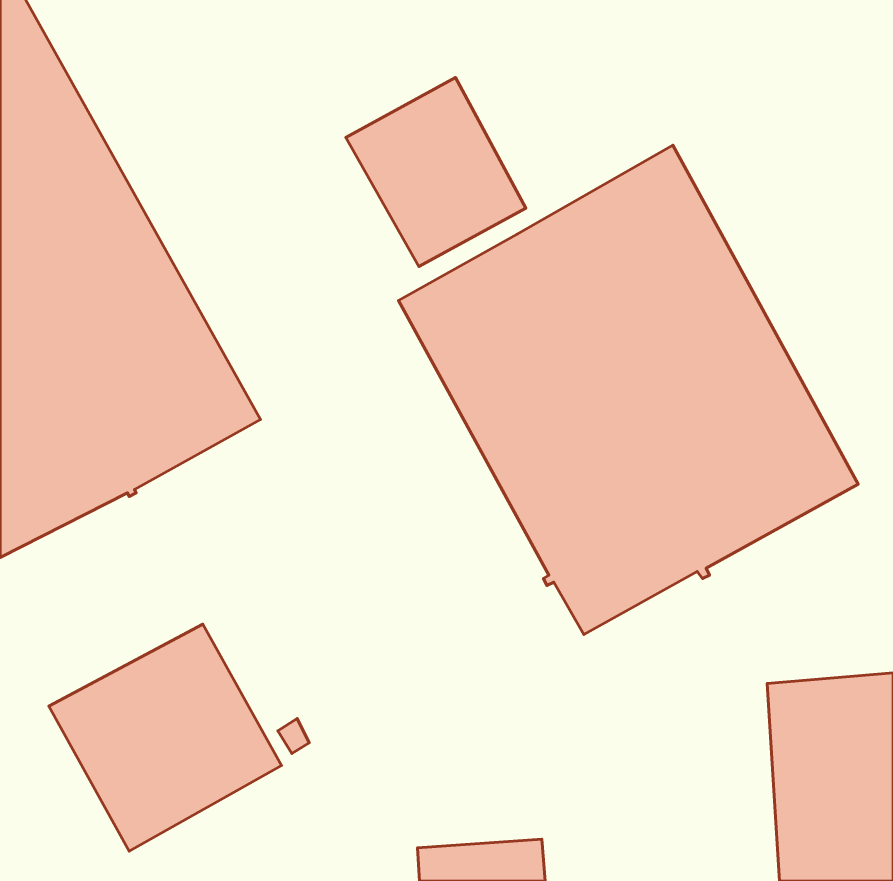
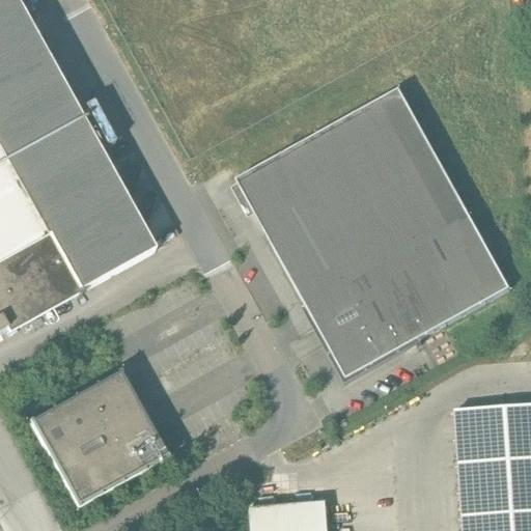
building: [346,77,526,266] -> none

